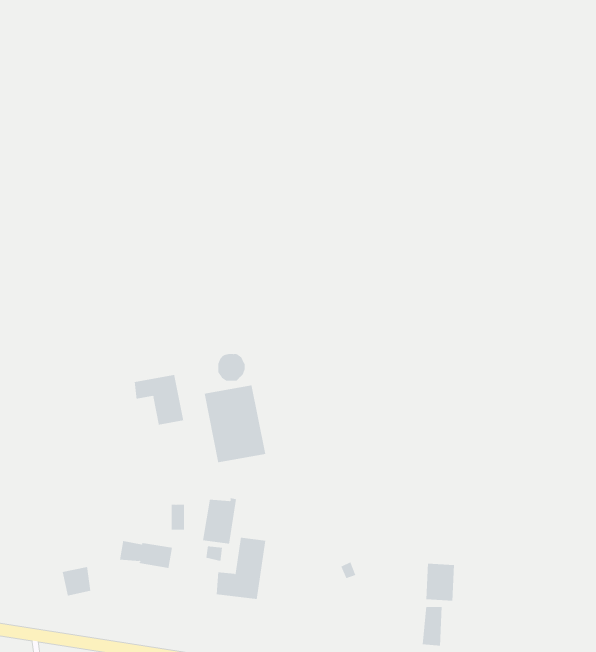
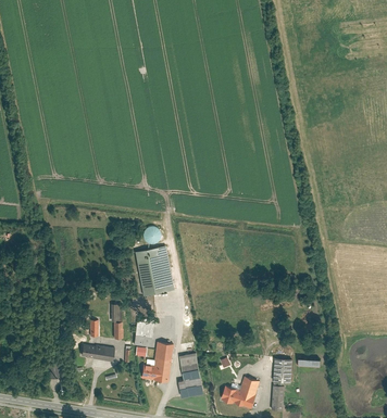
building: [134,374,184,425] -> none
building: none -> [178,353,203,397]
building: none -> [221,377,259,408]

